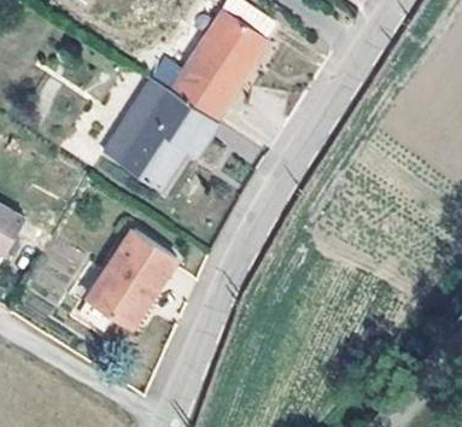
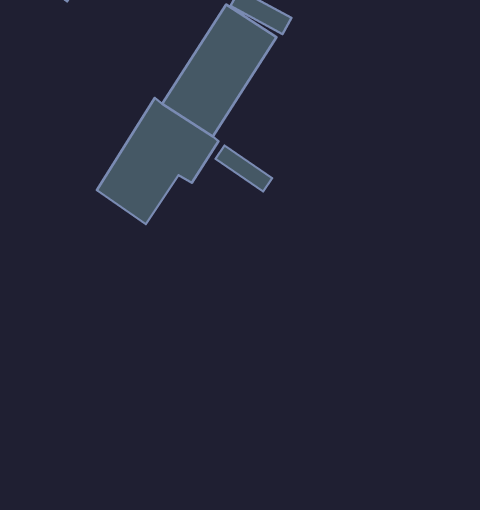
building: [77,230,175,331] -> none

